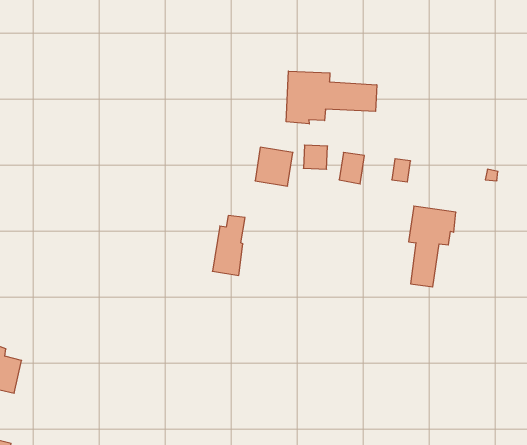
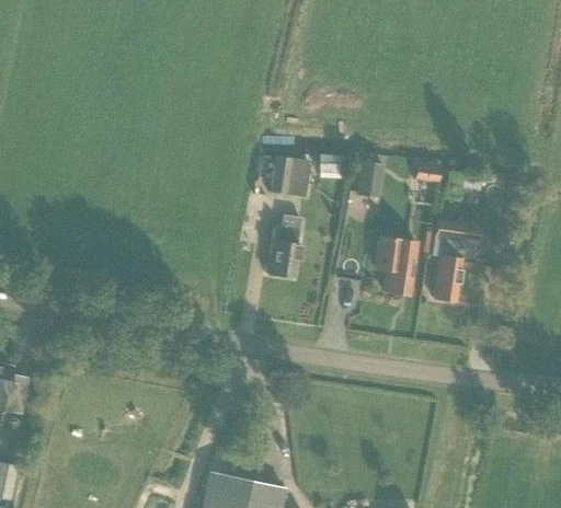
building: [286,71,377,124] -> none
building: [212,216,245,275] -> [267,216,301,278]
building: none -> [376,238,417,296]

